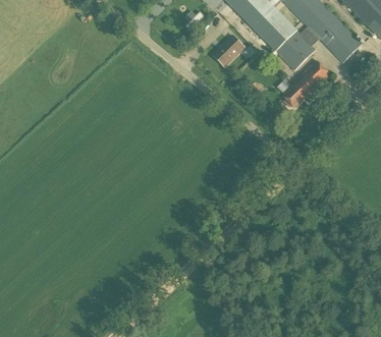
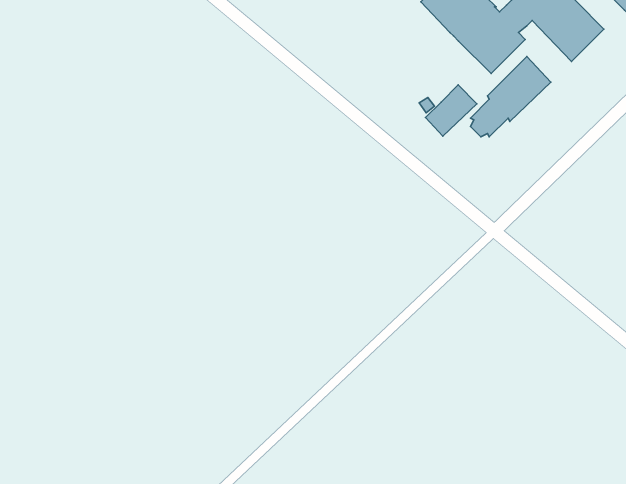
building: [213,36,243,66] -> [426,85,477,136]

